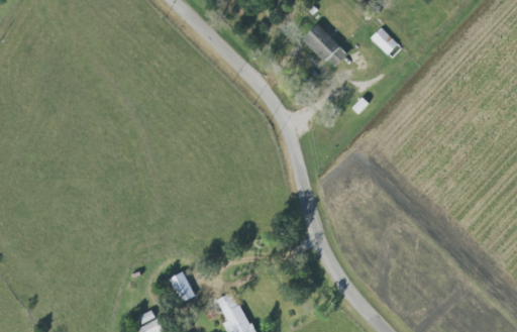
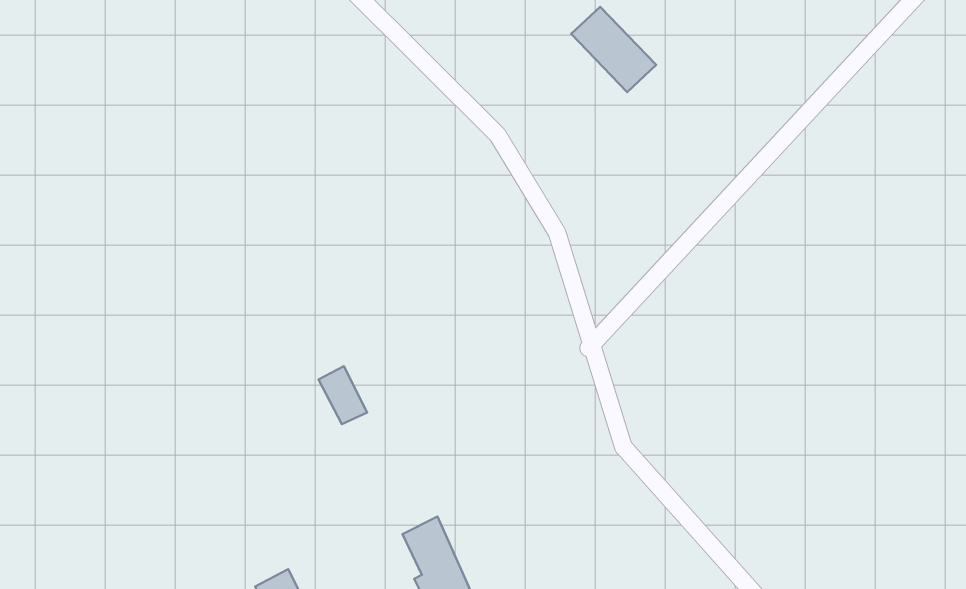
building: [369,27,398,56] -> none
building: [169,270,194,301] -> [319,366,367,424]

